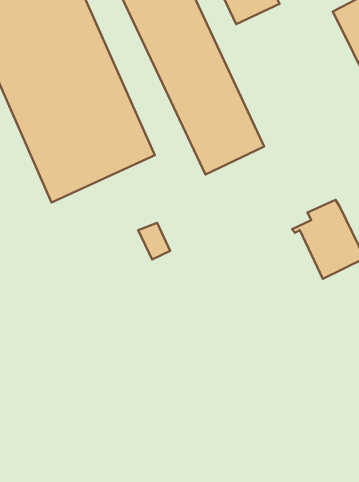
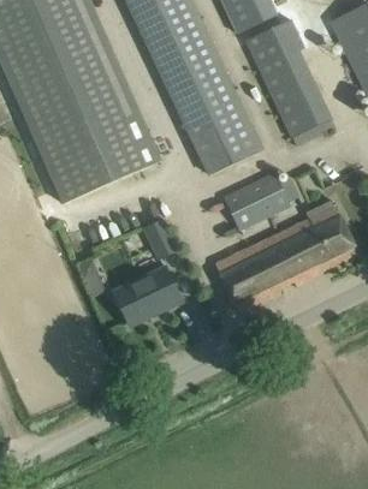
building: none -> [245,18,331,137]
building: none -> [224,173,298,229]
building: none -> [215,227,319,312]
building: none -> [113,267,180,326]

